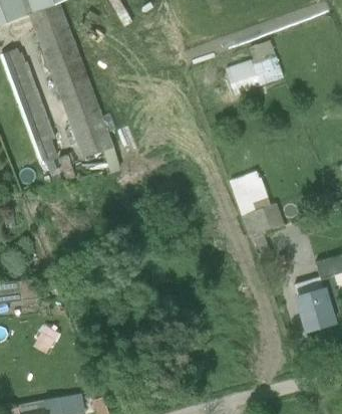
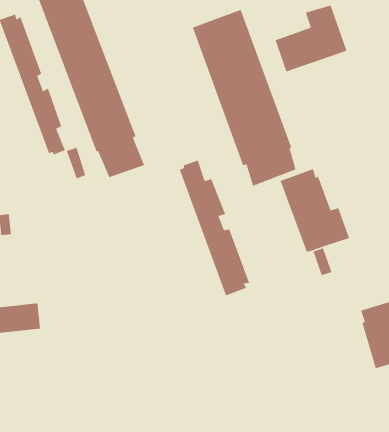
building: none -> [192,9,297,187]
building: none -> [179,159,250,297]

